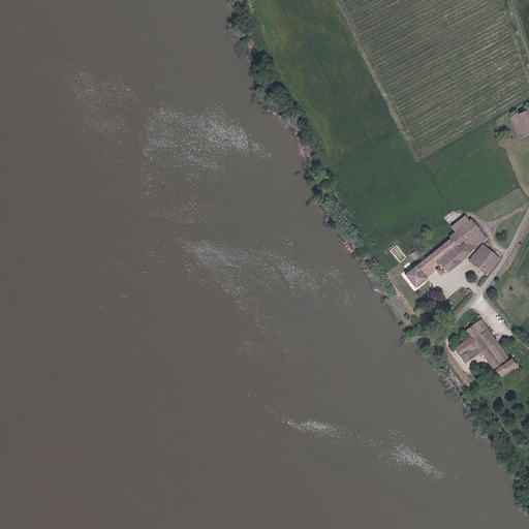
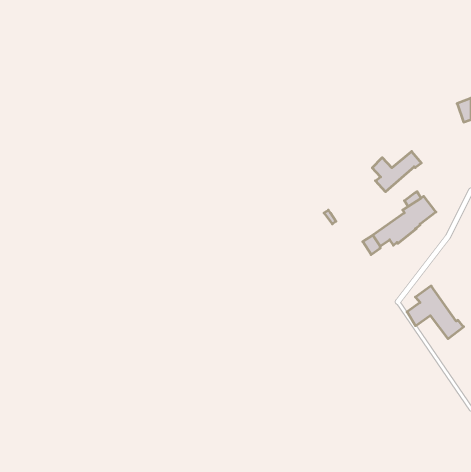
building: none -> [372,151,421,192]
building: [469,245,501,278] -> none

